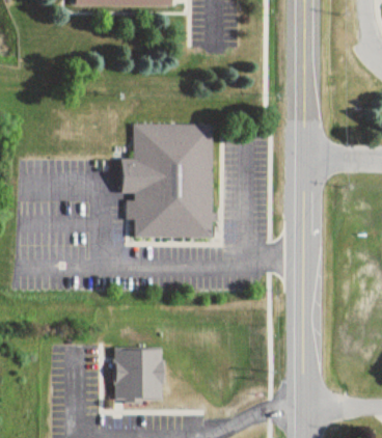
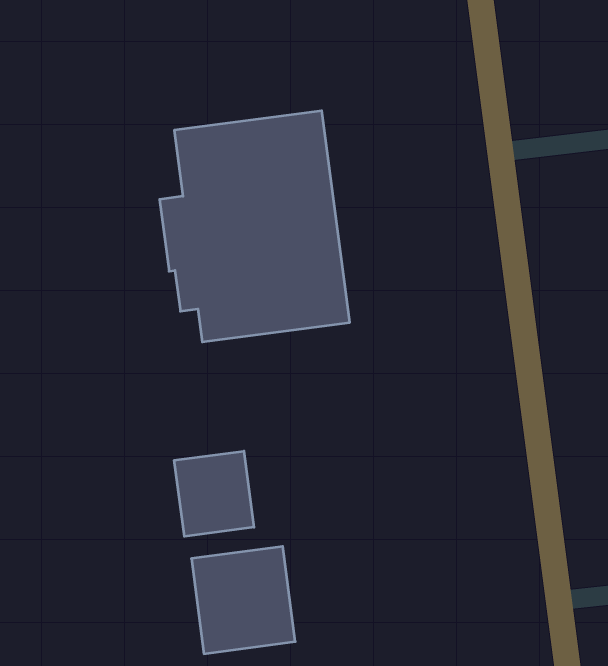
building: none -> [174,451,254,536]

